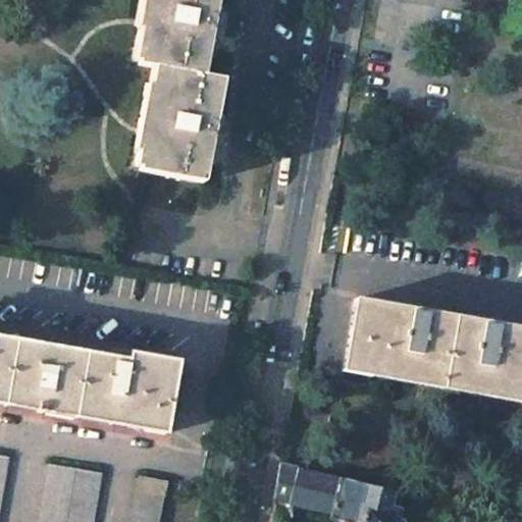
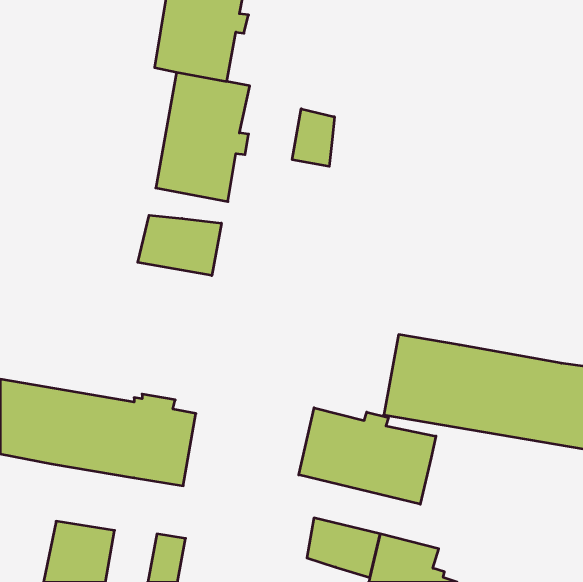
building: none -> [292,109,334,166]
building: none -> [138,215,221,276]
building: none -> [299,408,436,504]

